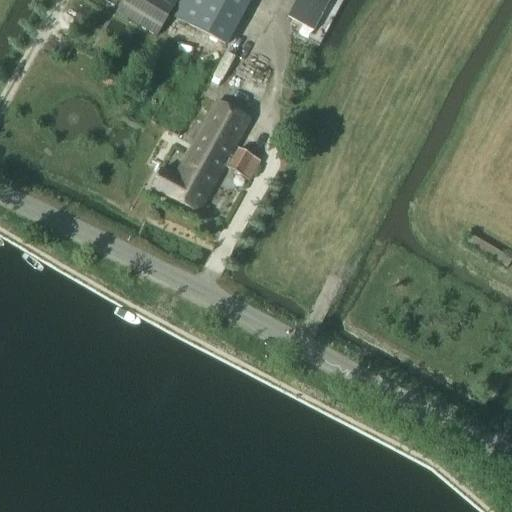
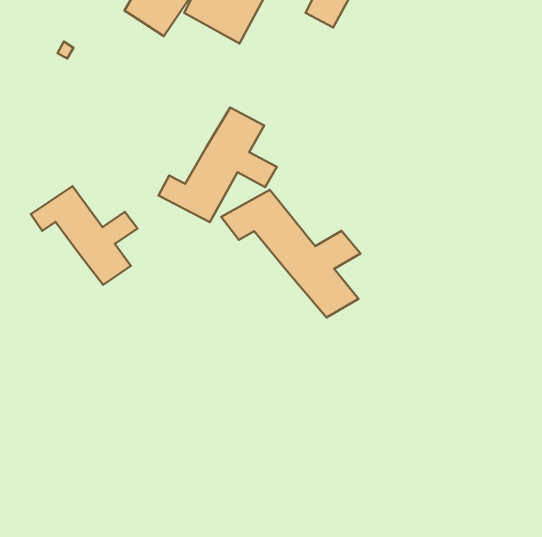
building: none -> [31,186,138,285]
building: none -> [221,190,360,317]

